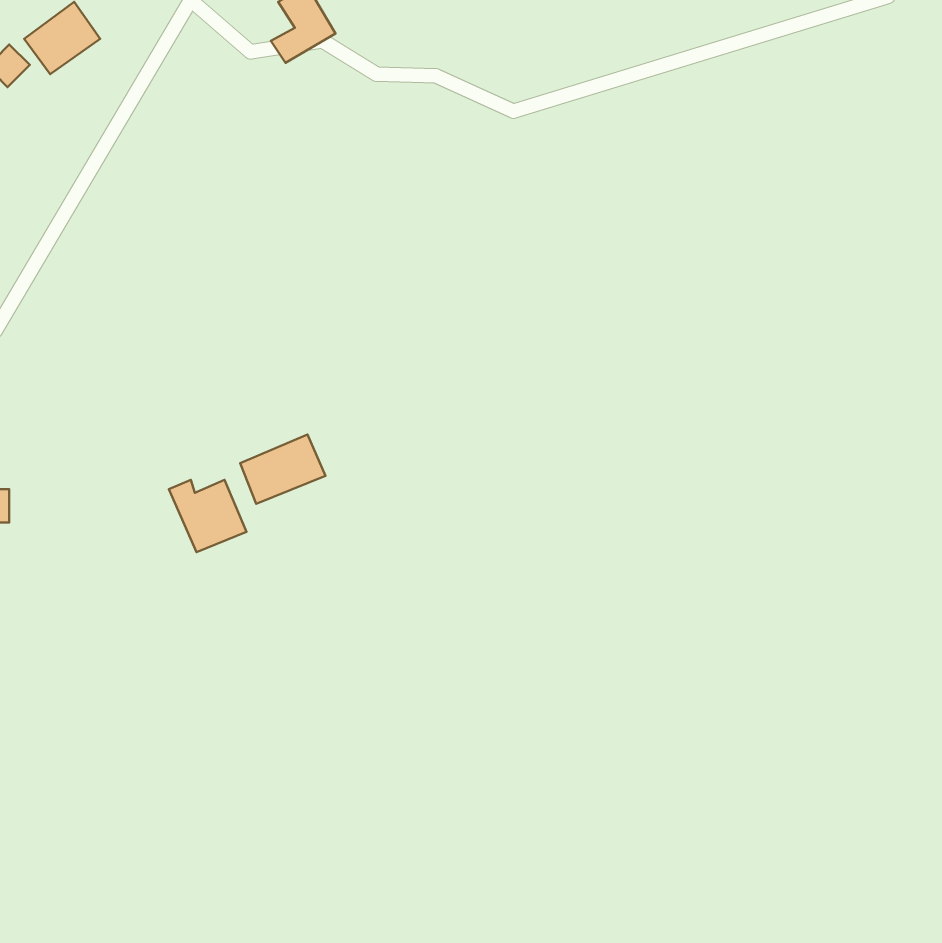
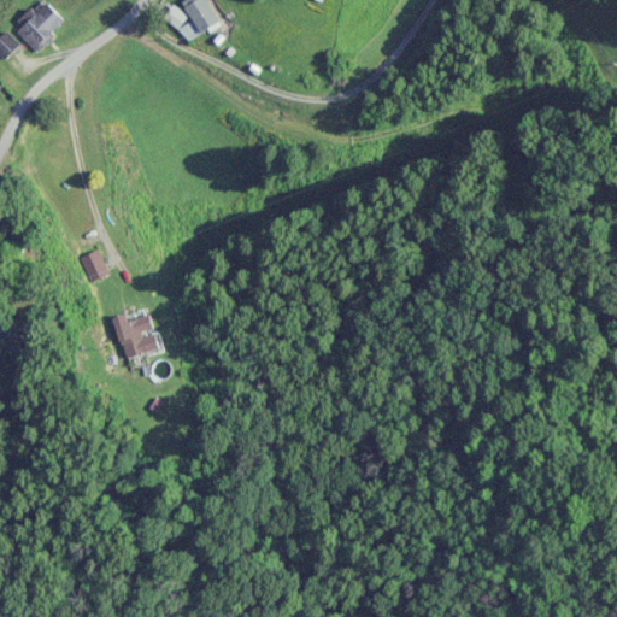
building: none -> [78,248,108,281]
building: [240,434,325,504] -> none

